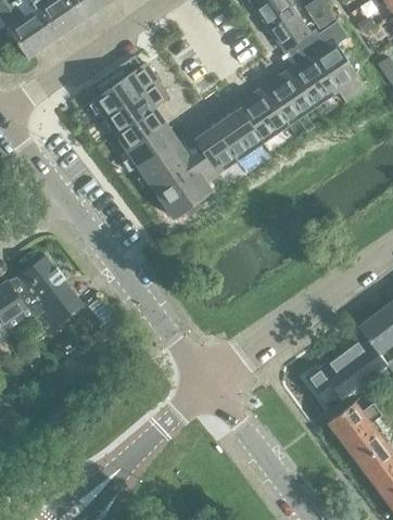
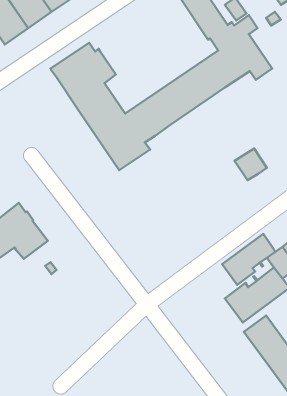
building: none -> [235,149,267,180]
building: none -> [222,234,276,285]

